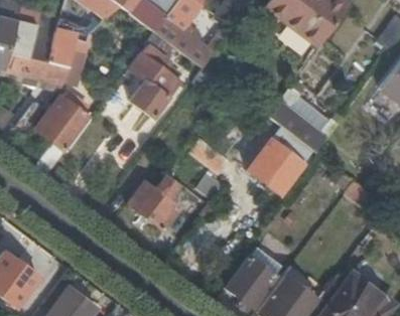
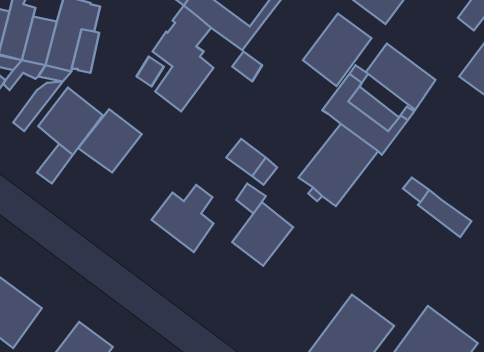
building: none -> [303,13,371,86]
building: none -> [366,43,436,110]
building: none -> [78,109,142,173]
building: [226,255,275,306] -> [232,202,293,266]

